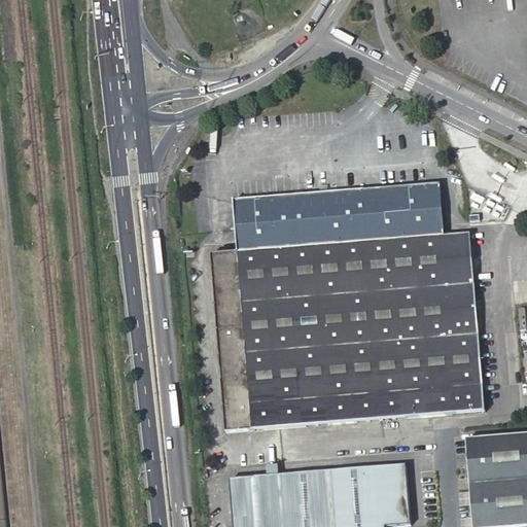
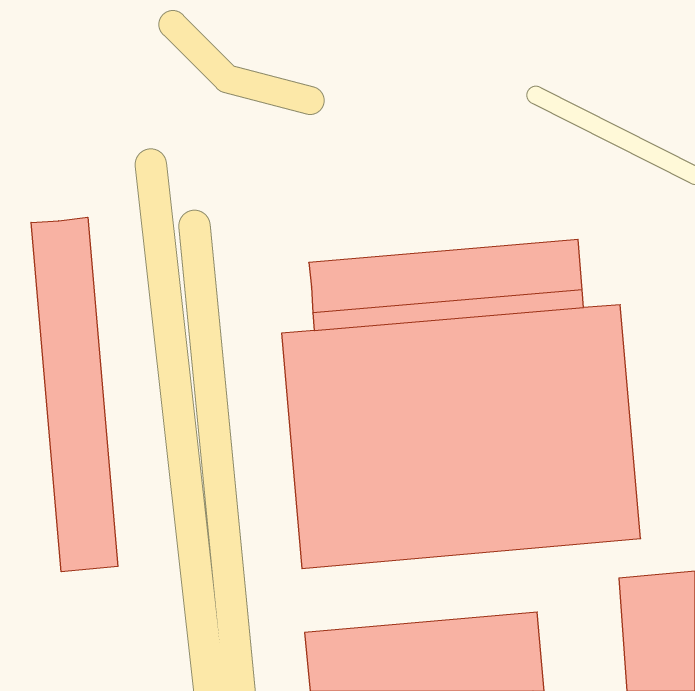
building: none -> [31,217,118,572]

